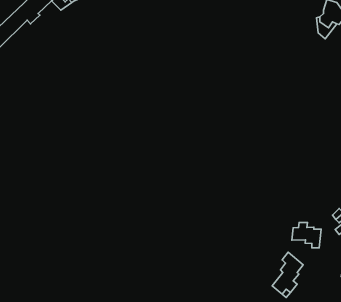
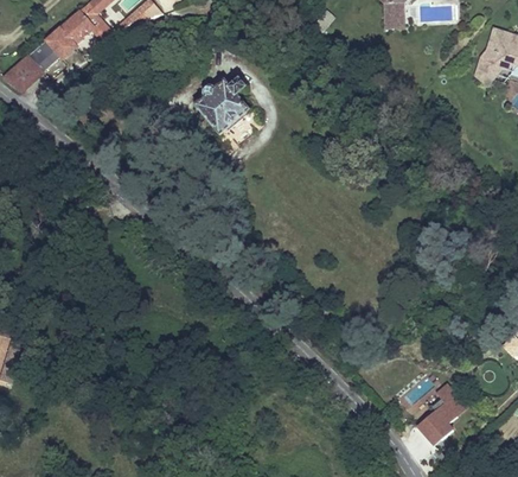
building: none -> [193,82,245,131]
building: [292,222,321,248] -> none

